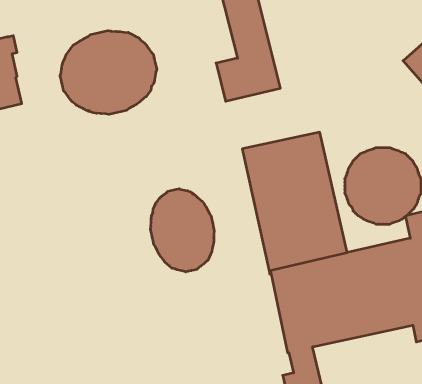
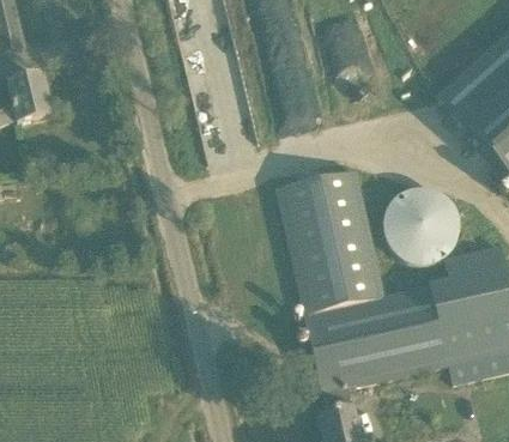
building: [60,31,157,114] -> none
building: [151,189,214,272] -> none

